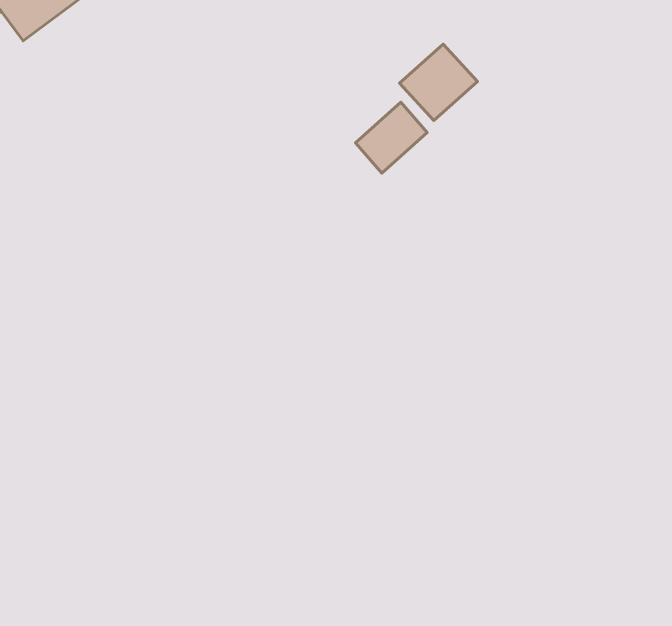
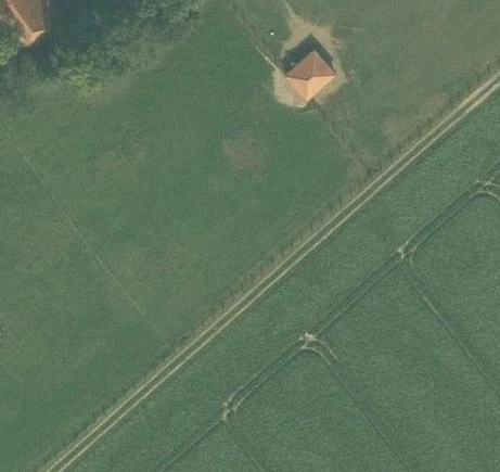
building: [355,102,427,173] -> none

